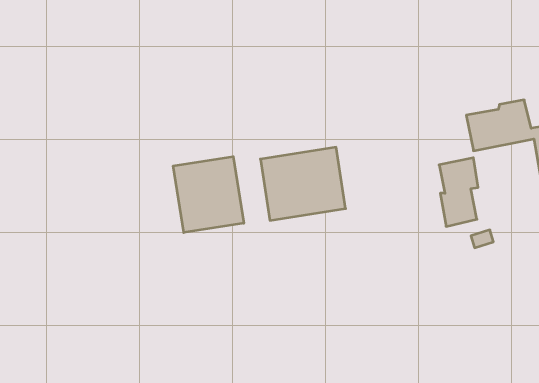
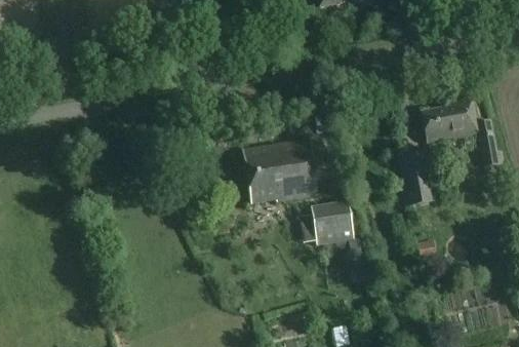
building: [173,157,244,233] -> none
building: none -> [311,201,355,244]

